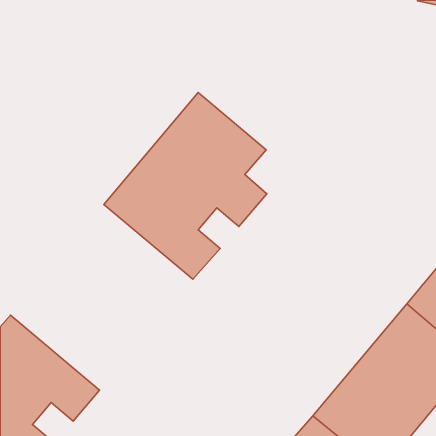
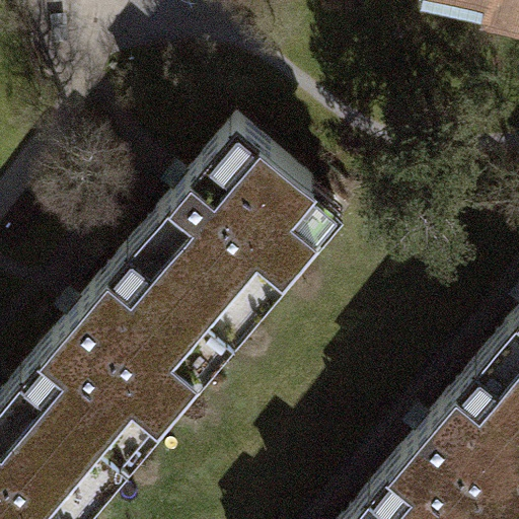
building: none -> [28,251,238,465]

